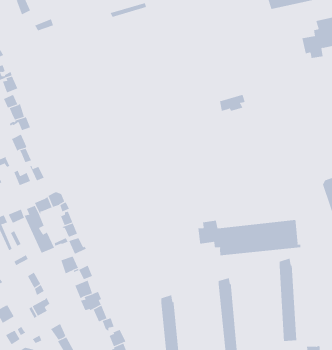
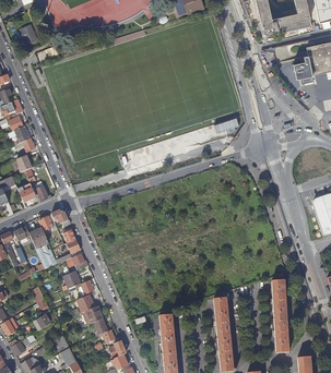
building: [198,219,301,256] -> none

